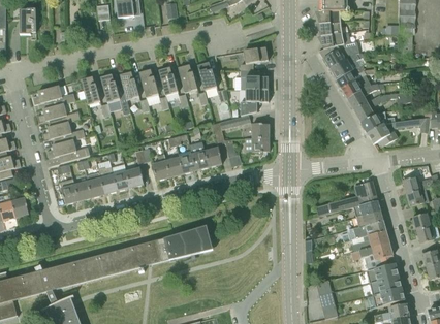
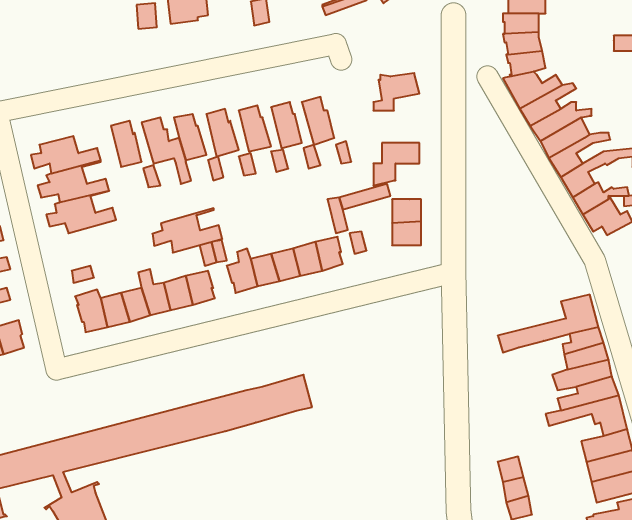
building: [19,7,35,34] -> none
building: [240,69,268,89] -> none
building: [46,135,89,162] -> [152,208,222,253]

